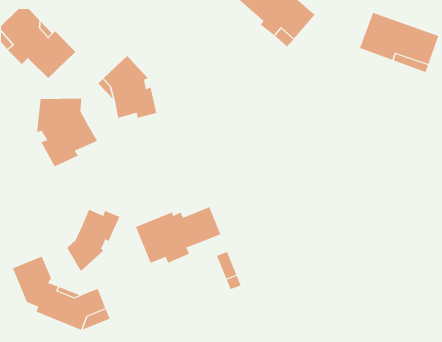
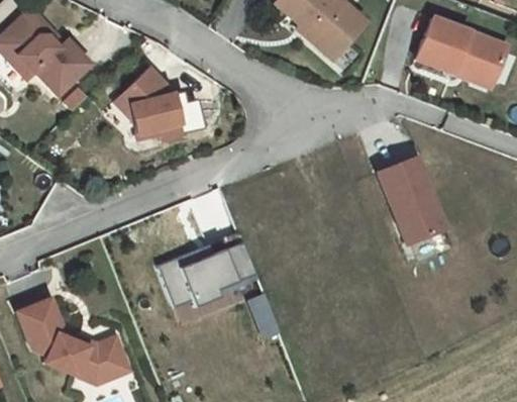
building: [37,98,98,167] -> none
building: none -> [380,157,445,242]
building: [66,209,120,272] -> none

